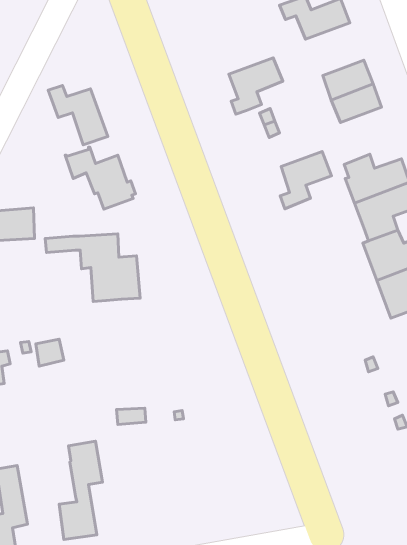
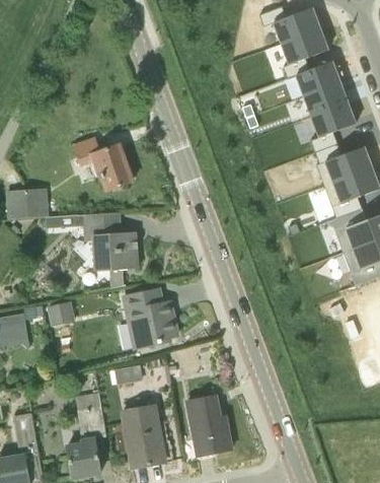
building: [229,58,283,114] -> [281,29,327,78]
building: [48,86,108,145] -> none
building: [280,151,332,209] -> [310,102,355,152]
building: none -> [122,289,177,346]
building: none -> [185,396,231,460]
building: none -> [123,406,164,467]

